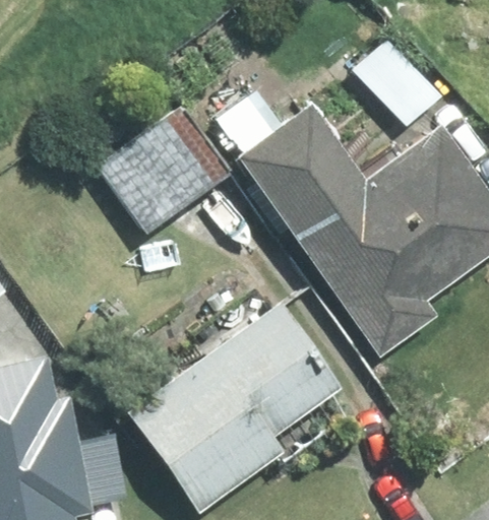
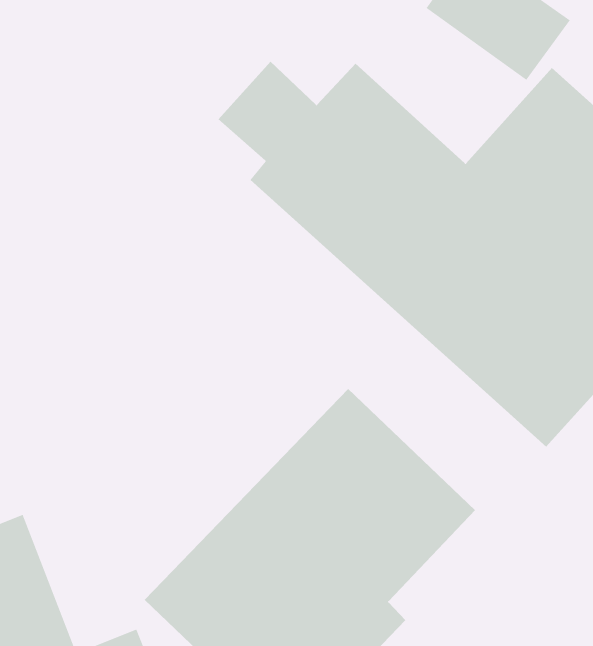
building: [97,105,231,236] -> none

